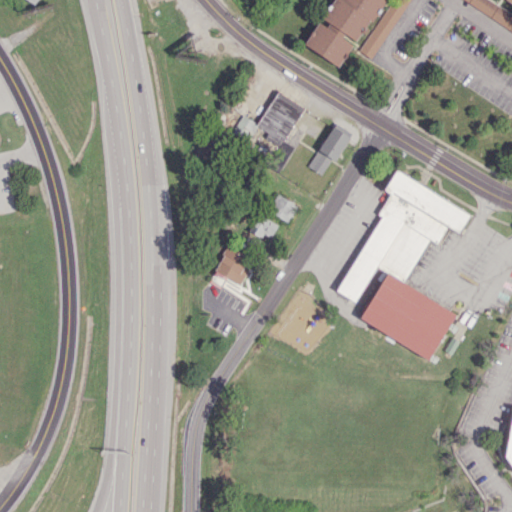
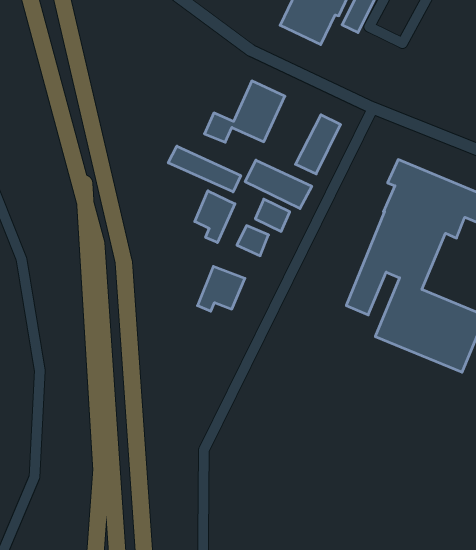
building: none -> [168,146,241,192]
building: none -> [245,160,312,209]
building: none -> [195,191,235,243]

